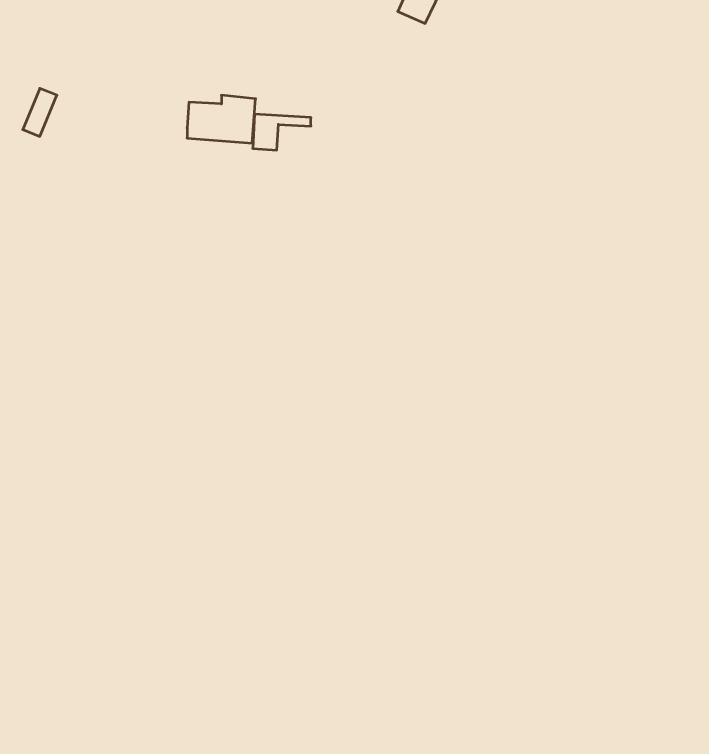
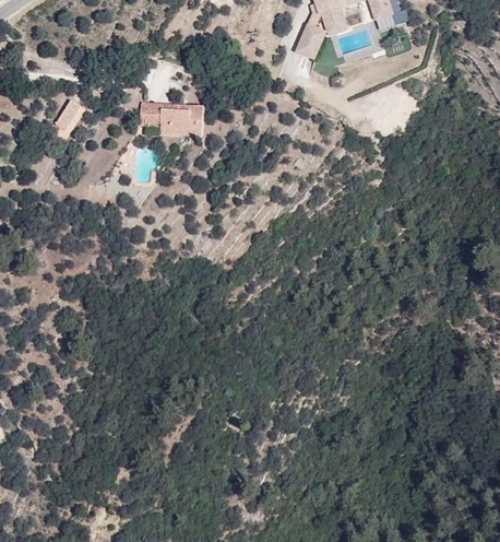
building: [253,114,311,150] -> [146,102,183,125]

